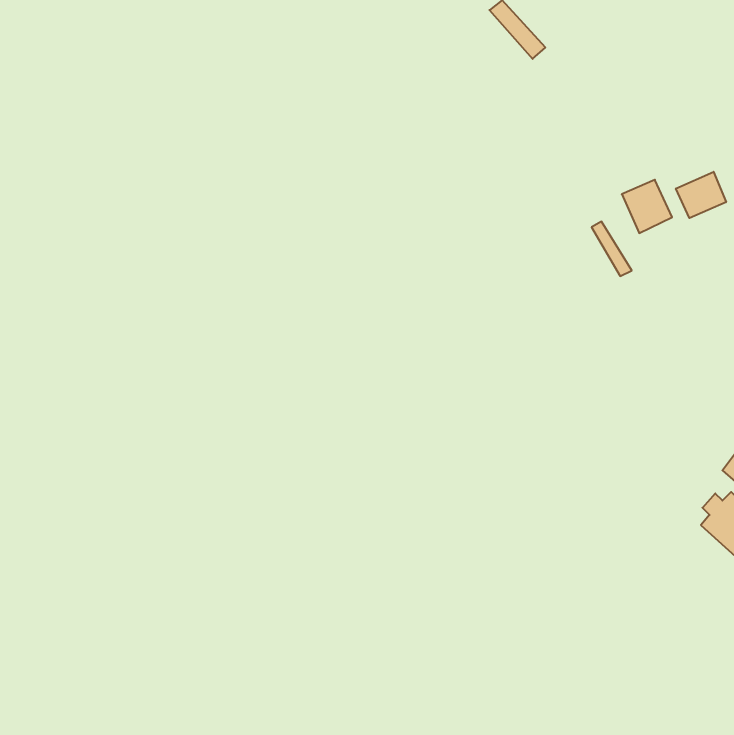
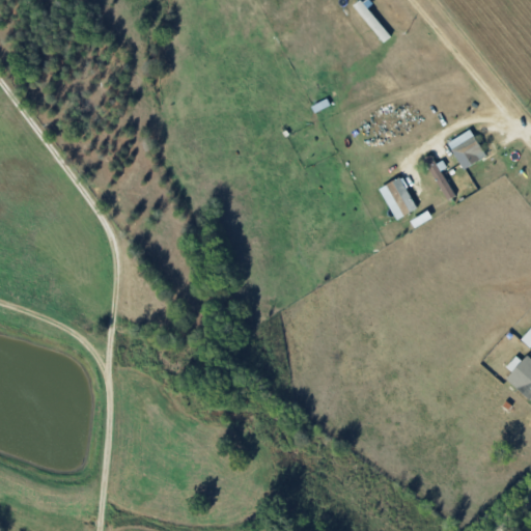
building: [676,172,726,218] -> none
building: none -> [381,176,417,219]

